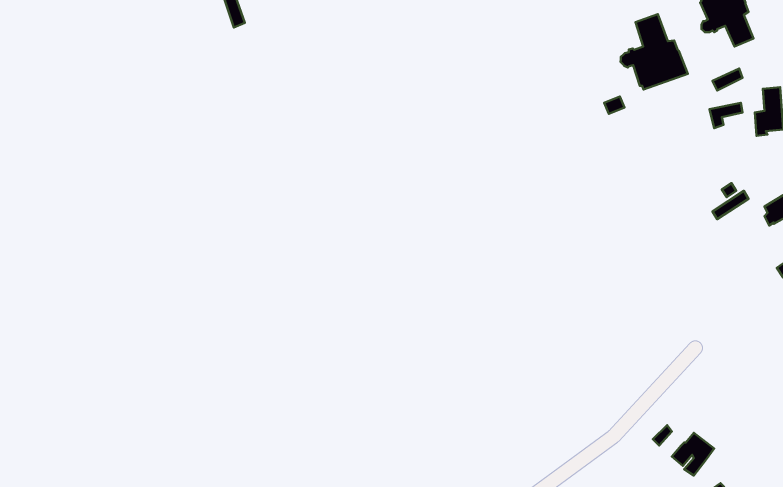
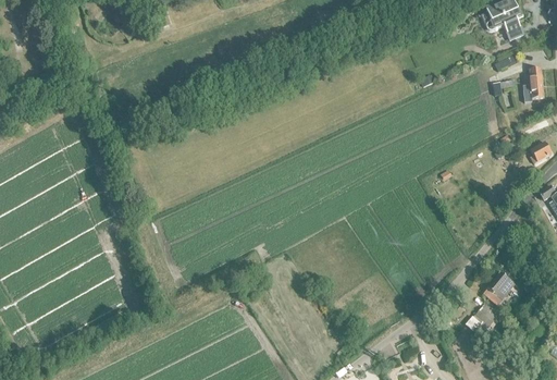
building: [621,14,688,90] -> none
building: none -> [483,272,513,306]

